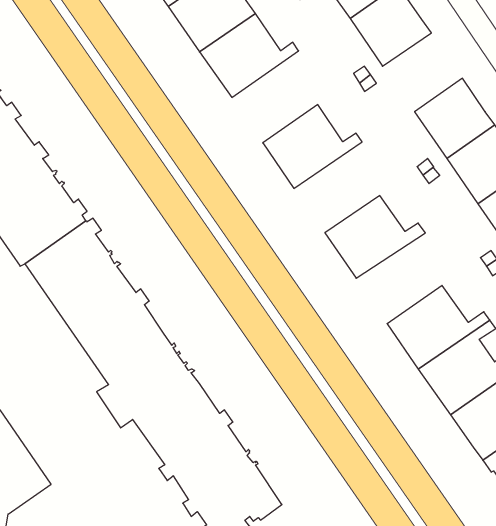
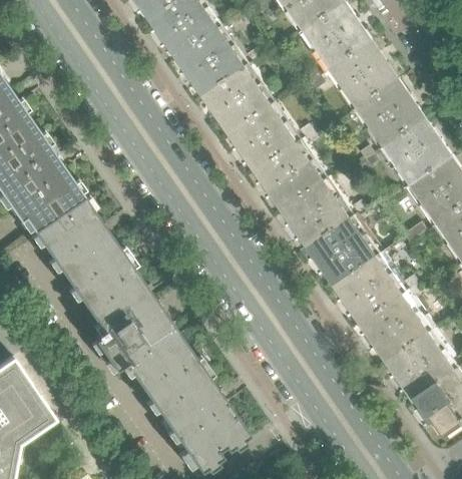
building: none -> [329,40,396,106]
building: none -> [202,55,275,132]
building: none -> [255,131,327,207]
building: none -> [307,207,379,284]

